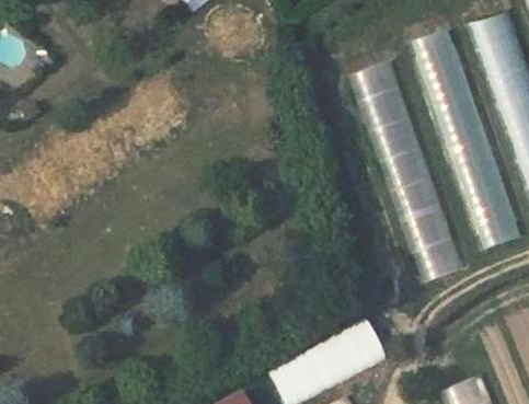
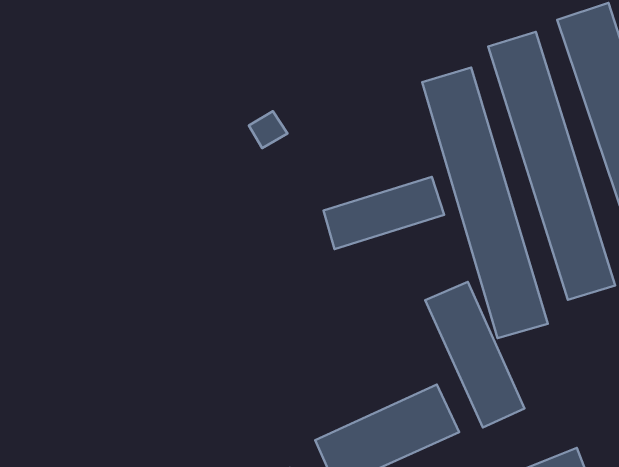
building: none -> [323,177,444,249]
building: none -> [425,282,524,428]

